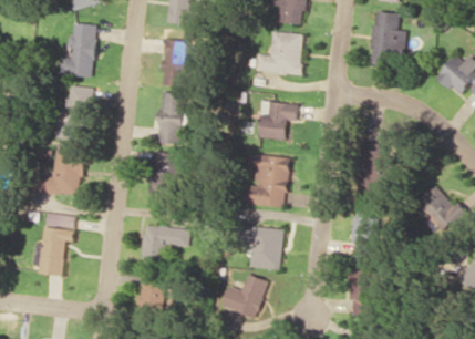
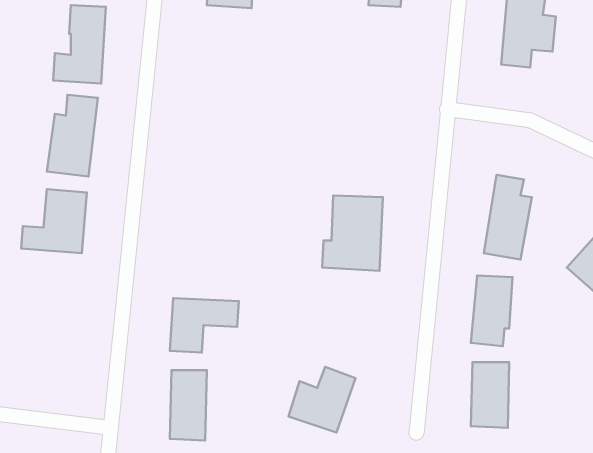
building: [255,31,303,75] -> none
building: [162,39,194,88] -> none
building: [157,92,184,144] -> none
building: [258,102,298,140] -> none
building: [147,152,180,203] -> none
building: [33,214,75,276] -> none
building: [239,226,282,269] -> none

